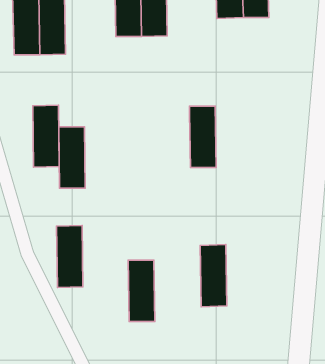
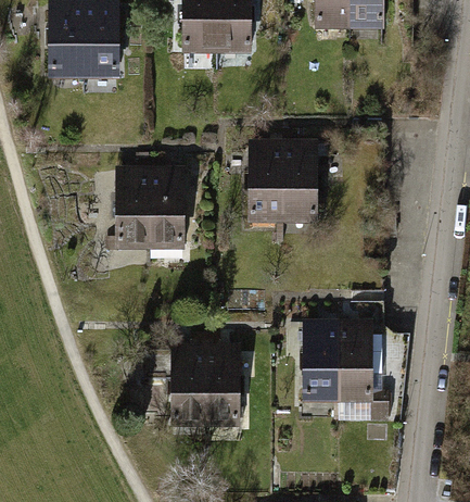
building: [33,105,59,167] -> [145,168,180,250]
building: none -> [250,142,284,224]
building: [57,225,83,288] -> [169,344,204,426]
building: none -> [331,324,367,404]

